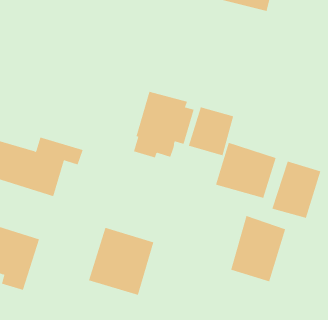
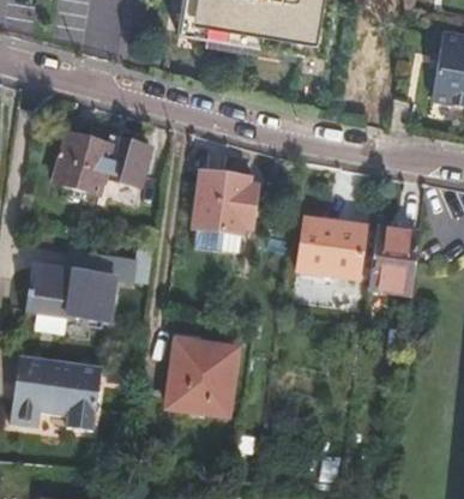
building: none -> [54,134,150,203]
building: [188,106,234,156] -> none
building: [230,215,286,282] -> none

